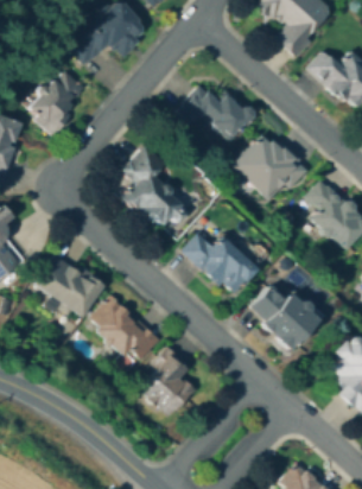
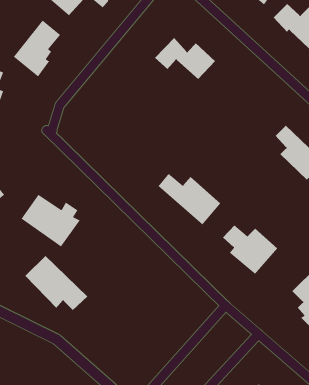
building: [237,136,307,193] -> none
building: [120,147,180,226] -> none
building: [90,296,159,356] -> [25,255,88,311]
building: [142,348,191,413] -> none

